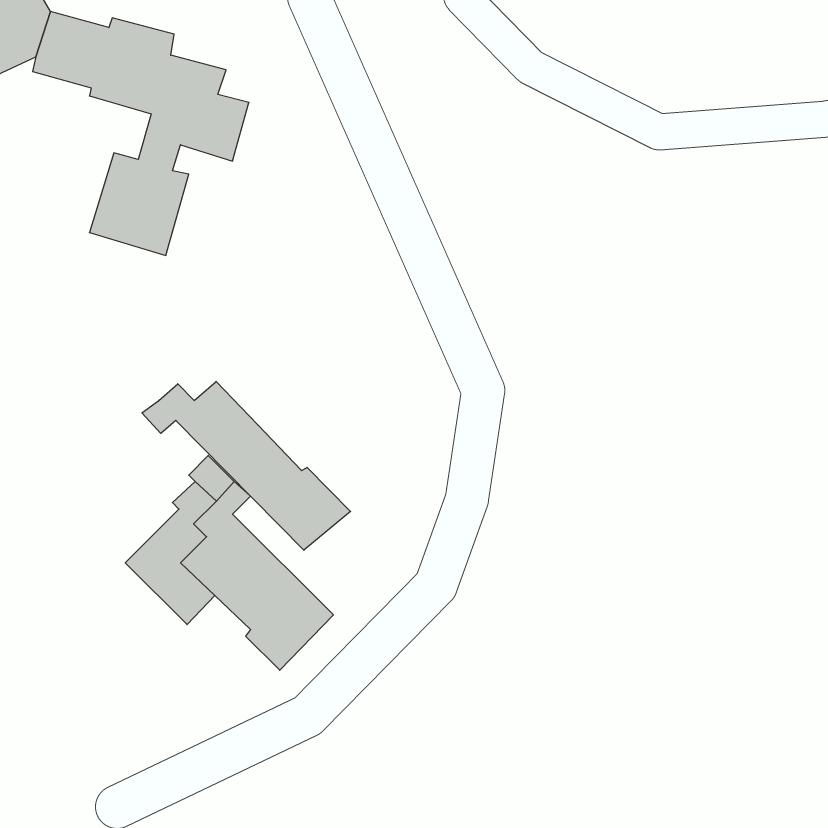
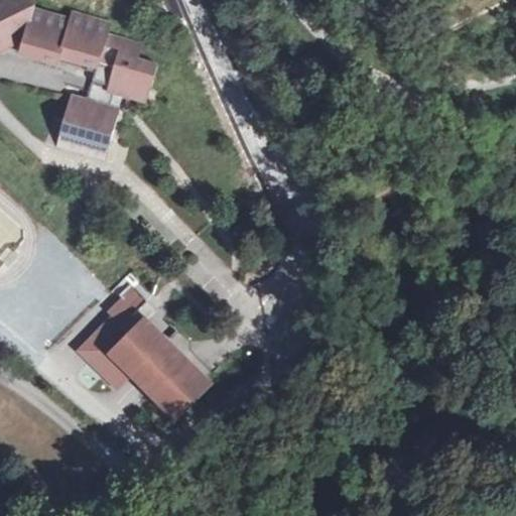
building: [142,381,351,550] -> none

